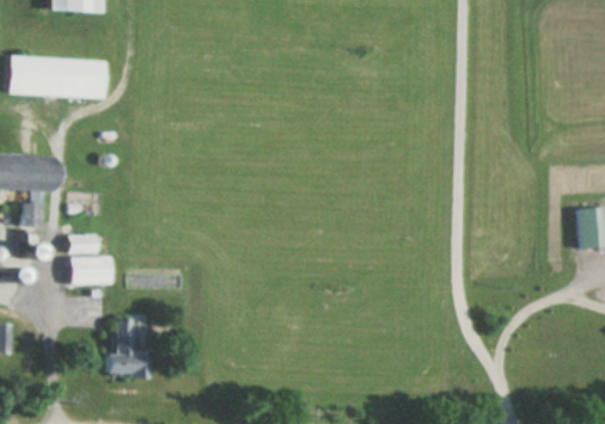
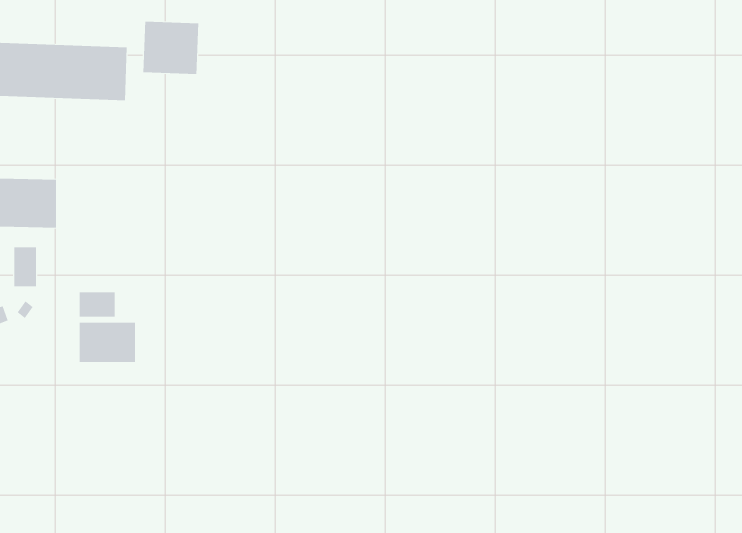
building: none -> [143,21,199,75]
building: [110,317,147,377] -> none

